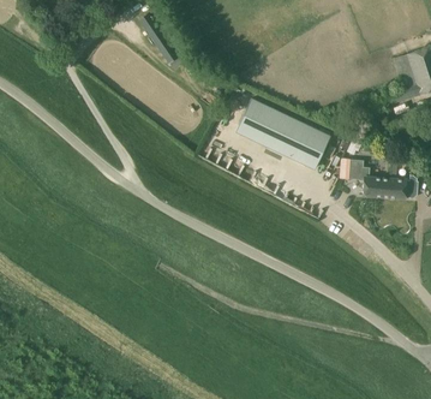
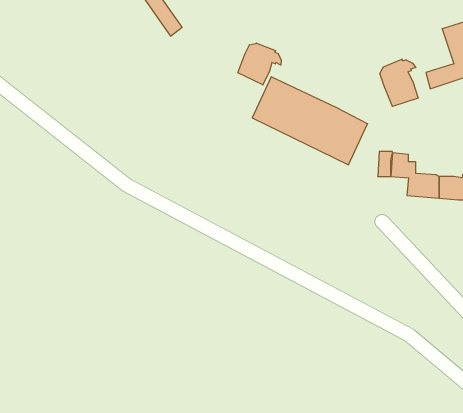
building: none -> [238,43,281,85]
building: none -> [380,59,418,106]

